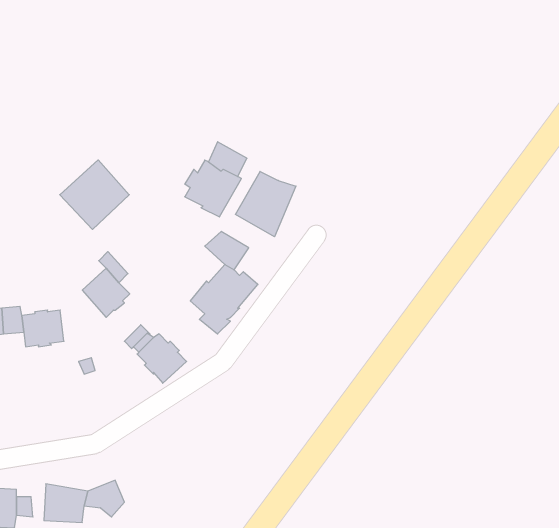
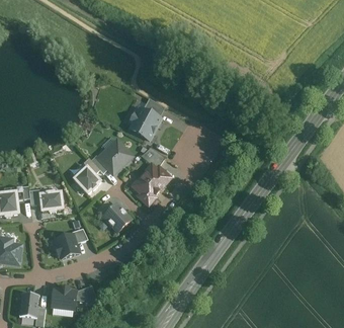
building: [60,160,129,229] -> [95,139,134,177]
building: [235,171,296,237] -> none
building: none -> [54,230,81,258]

